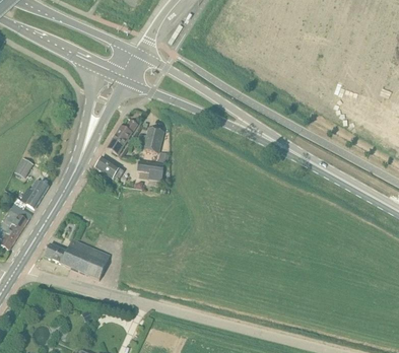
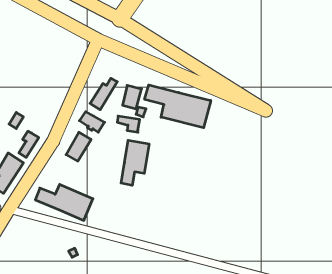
building: none -> [145,85,211,128]
building: none -> [66,132,91,161]
building: none -> [121,140,149,185]

